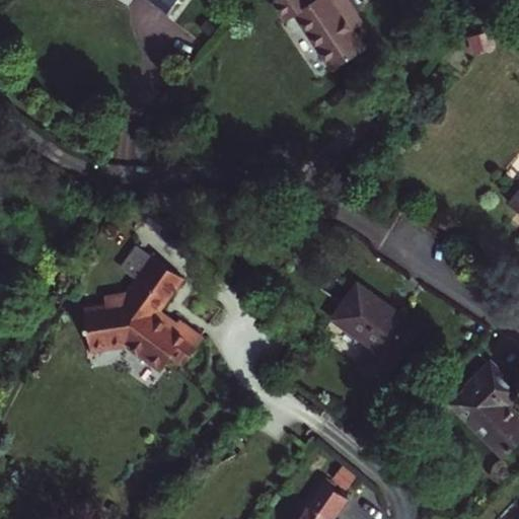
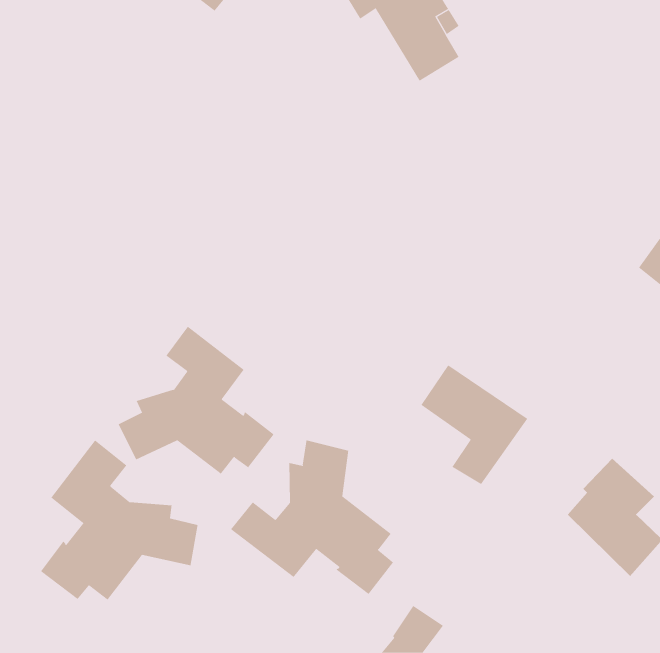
building: none -> [230,439,394,595]
building: none -> [40,440,198,600]

